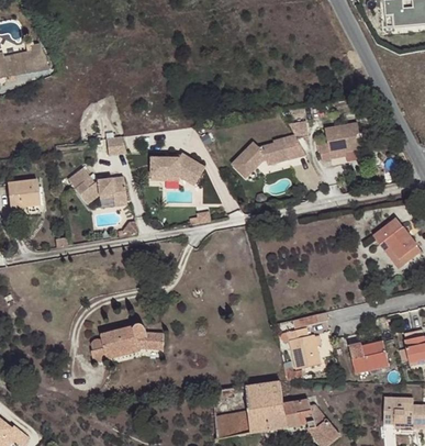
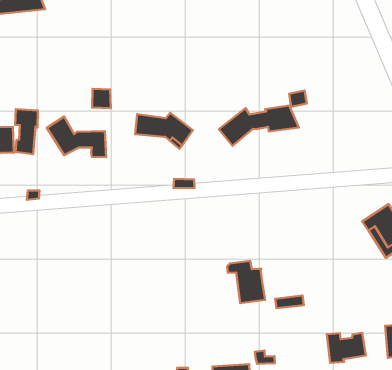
building: [318,123,361,161] -> none
building: none -> [15,109,38,154]
building: [91,322,165,361] -> none
building: [282,327,321,368] -> [227,261,265,303]

